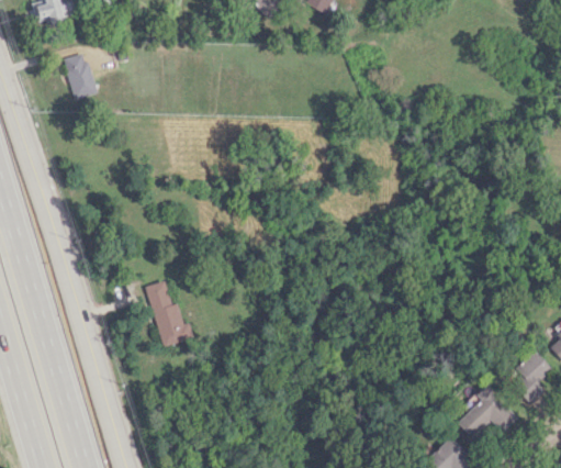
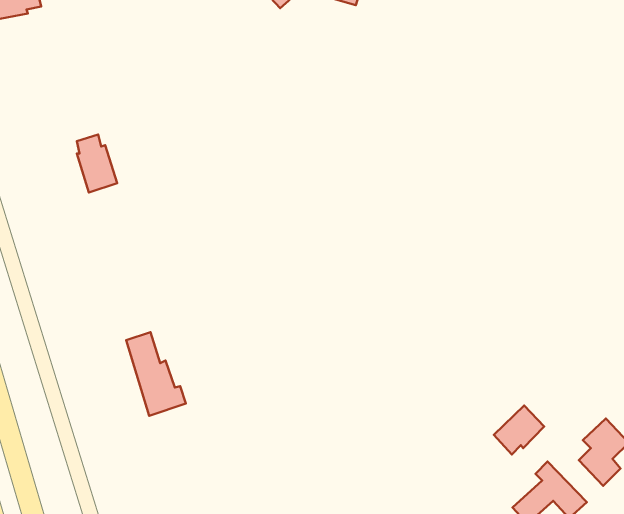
building: [65,53,98,100] -> [77,134,117,193]
building: none -> [494,406,544,454]

